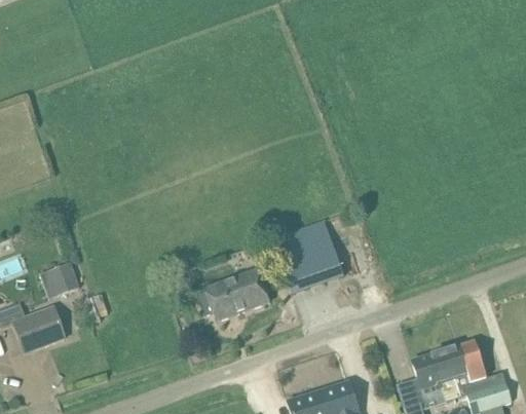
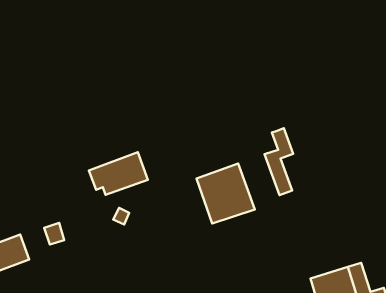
building: none -> [264,128,293,195]
building: [39,262,78,293] -> none
building: [195,267,268,319] -> [89,152,148,195]

